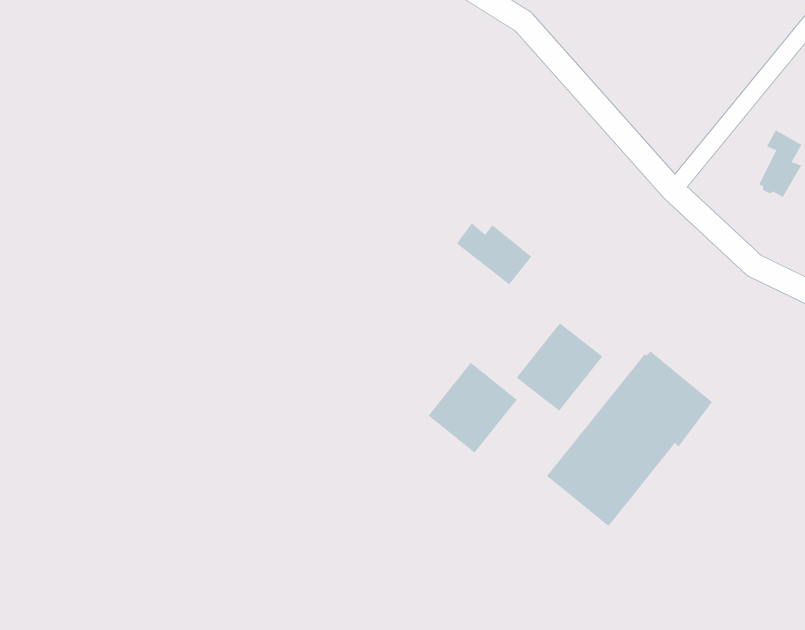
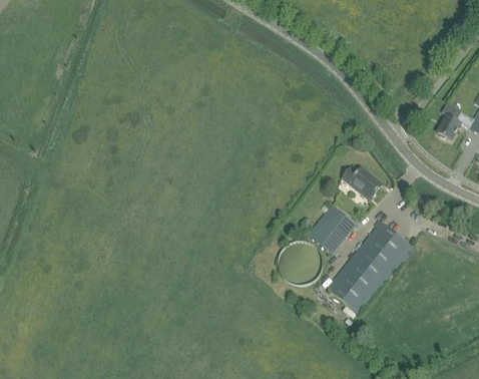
building: [456,223,532,285] -> [343,166,383,200]
building: [428,362,517,453] -> none

